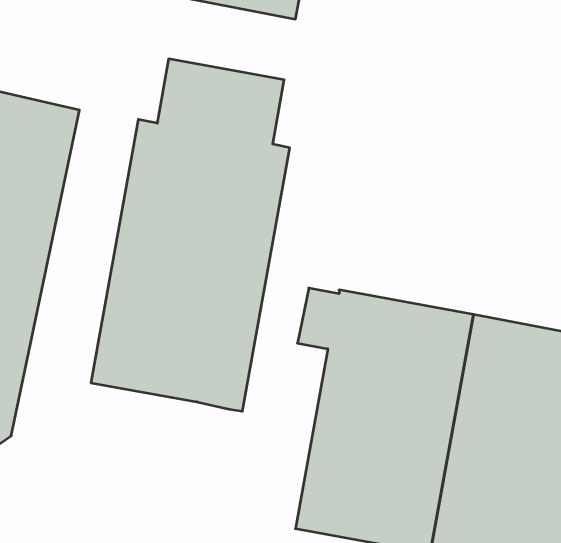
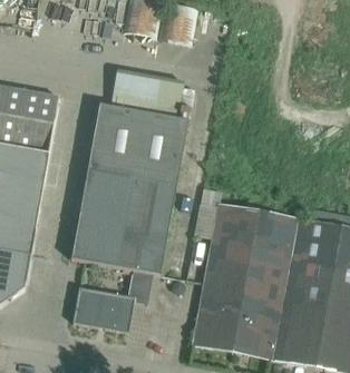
building: none -> [72,268,153,332]

